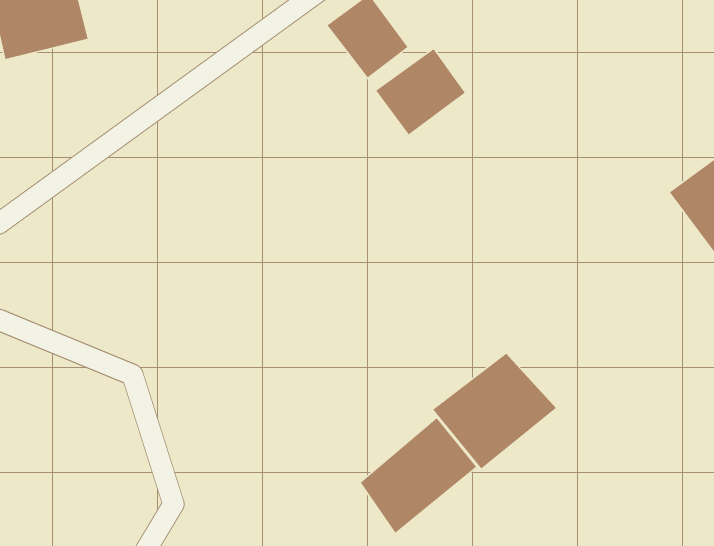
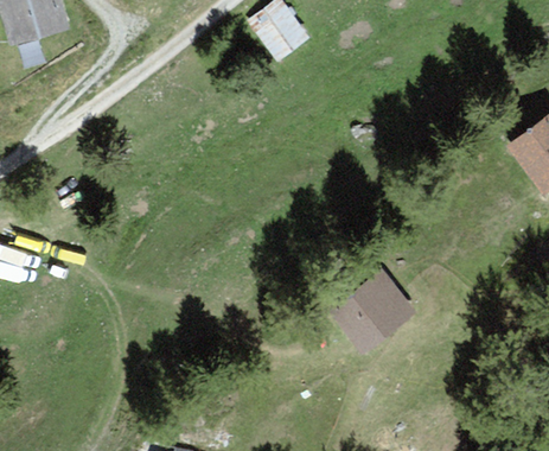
building: [375,48,466,135] -> none
building: [360,417,477,534] -> none

